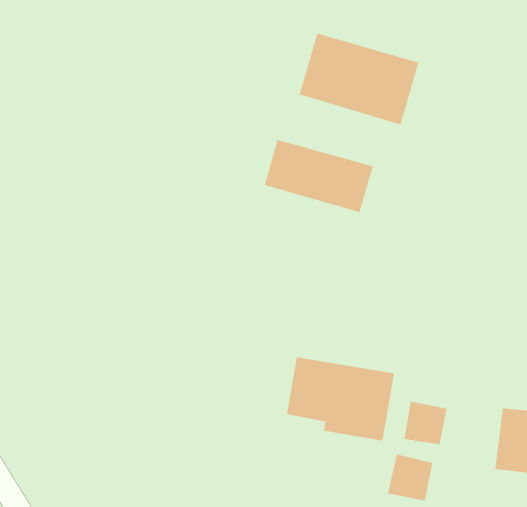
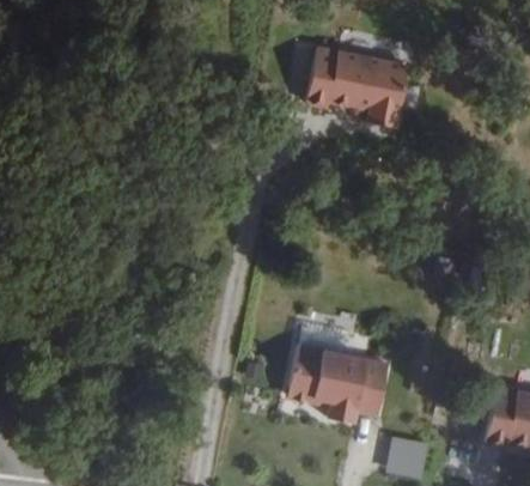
building: [264,139,374,213] -> none
building: [404,401,447,445] -> none

